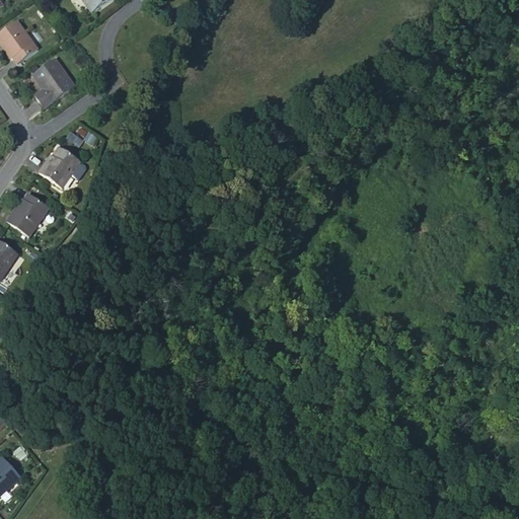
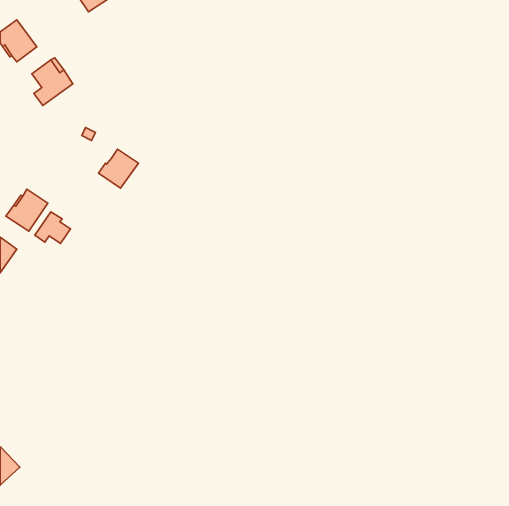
building: [40,147,80,187] -> [99,149,138,188]
building: none -> [35,212,71,243]

